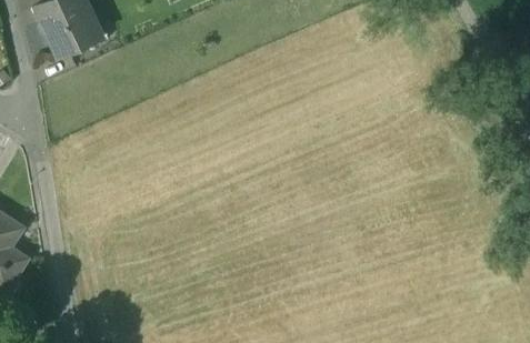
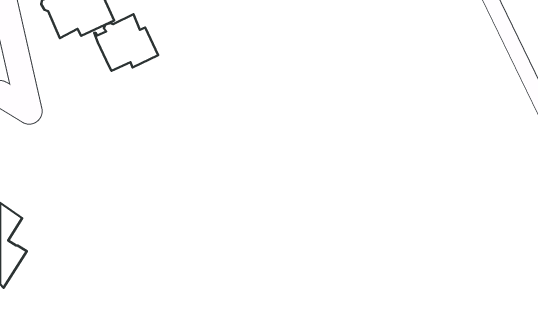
building: none -> [94,14,158,71]

